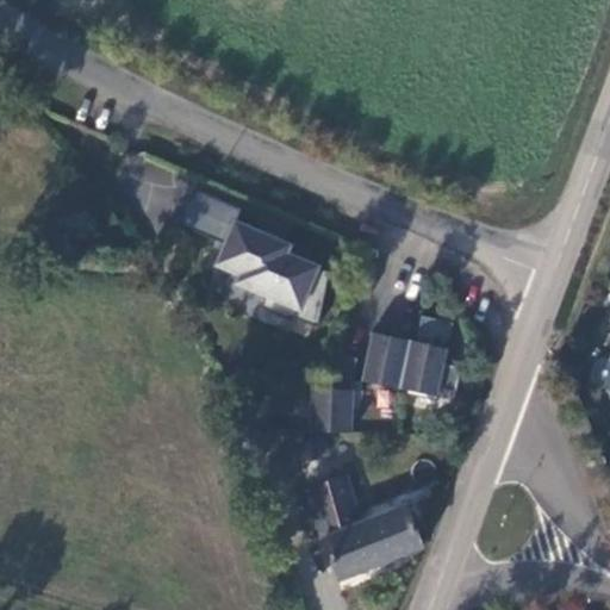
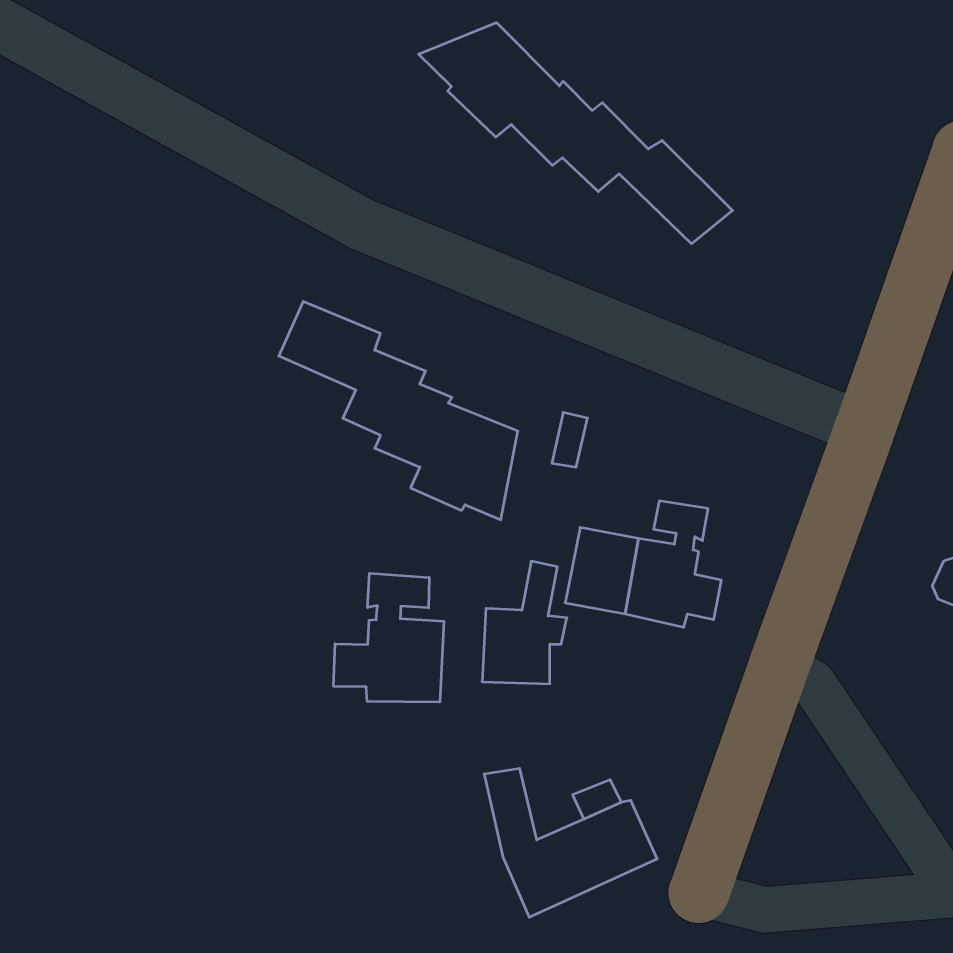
building: none -> [419,23,733,244]
building: none -> [334,573,444,702]

